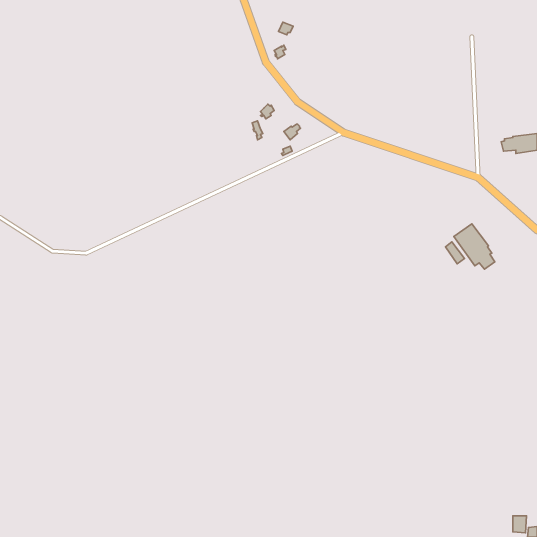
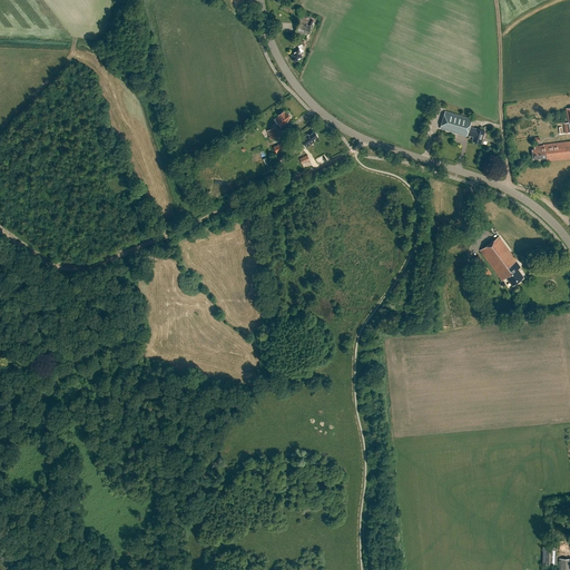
building: none -> [440,111,484,145]

